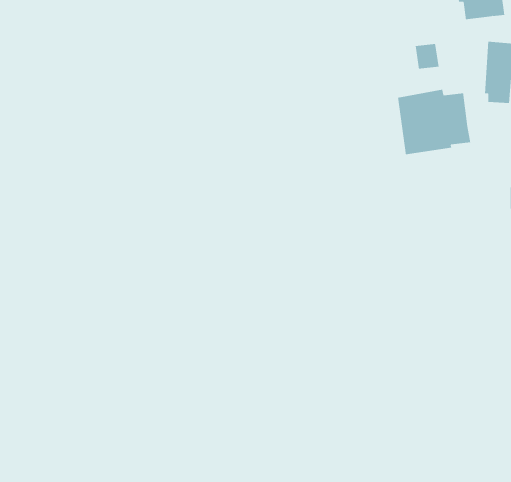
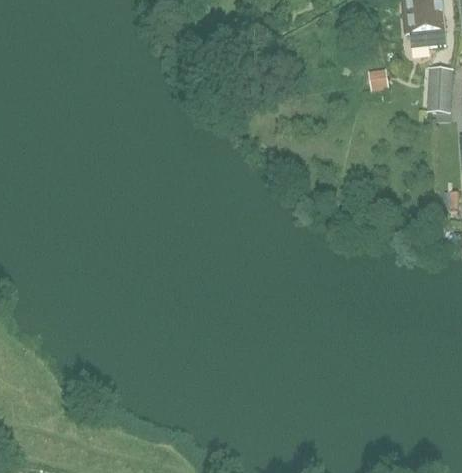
building: [398,89,471,155] -> none

